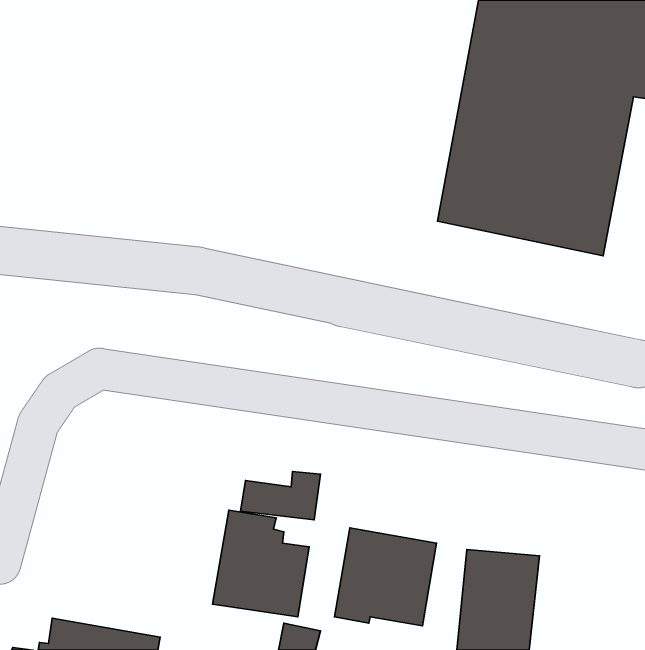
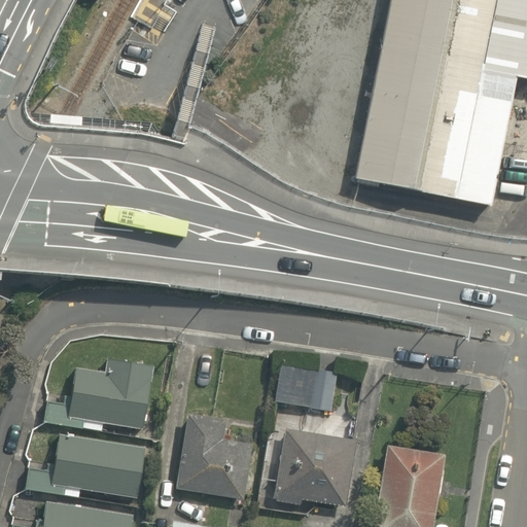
building: none -> [44,358,155,431]
building: [240,472,321,520] -> [271,373,336,412]
building: none -> [27,433,147,498]

